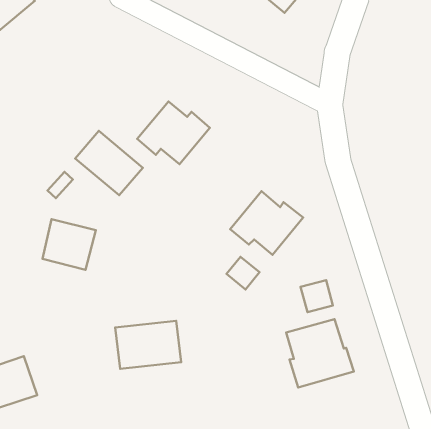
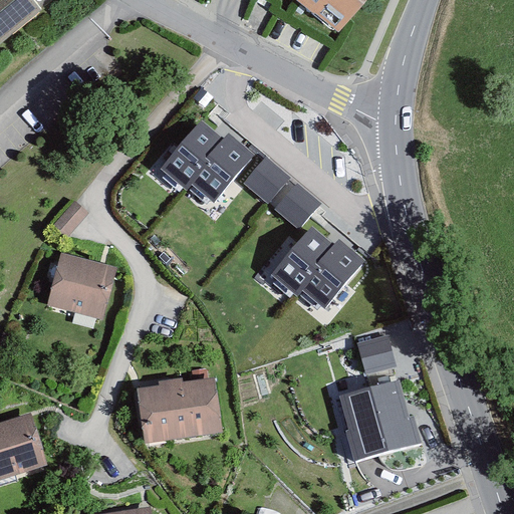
building: [75,131,143,195] -> none
building: none -> [246,157,316,223]
building: [227,257,260,290] -> none

